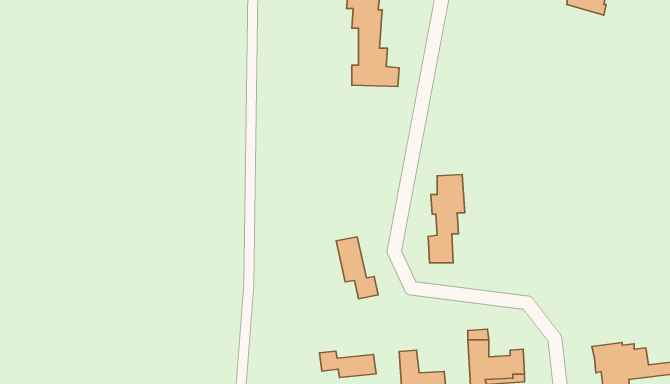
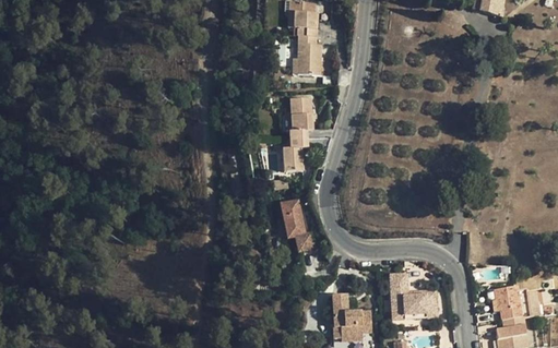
building: [428,175,465,263] -> [284,96,314,169]
building: [319,351,376,378] -> none

